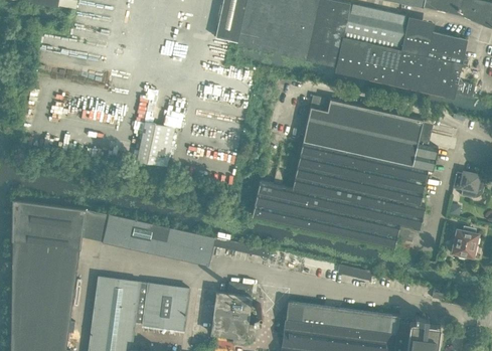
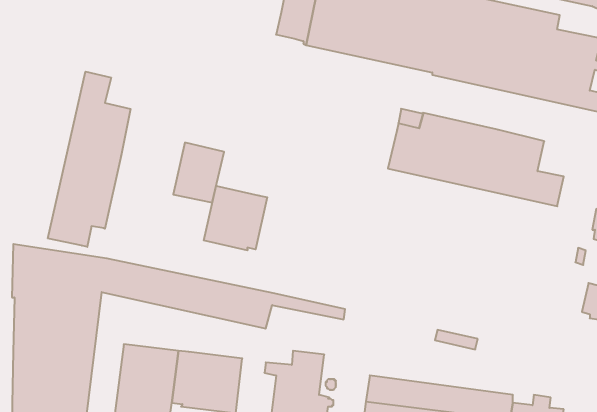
building: none -> [48,72,131,247]
building: [253,142,434,248] -> none
building: none -> [204,186,267,250]

